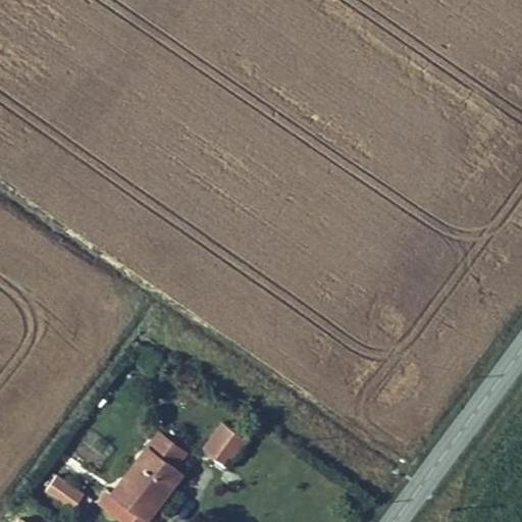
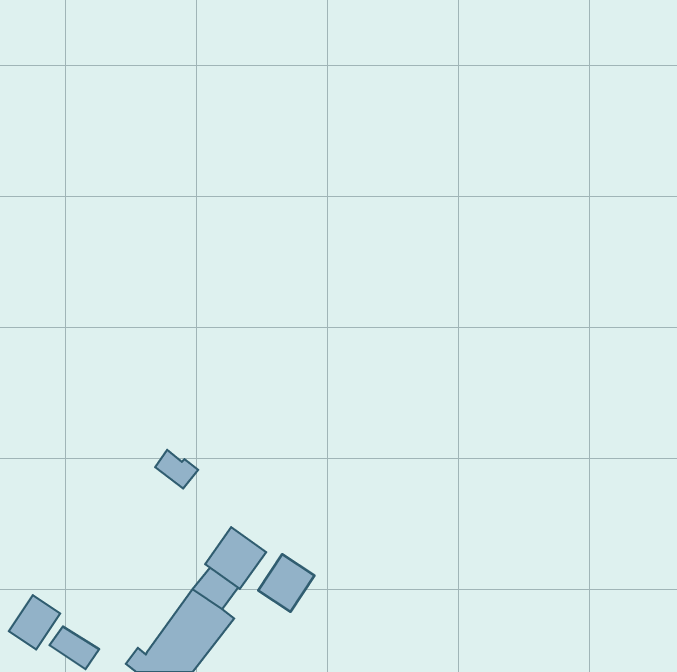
building: none -> [205,527,266,589]
building: none -> [9,595,60,649]

